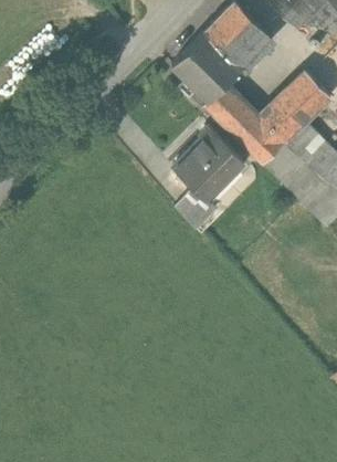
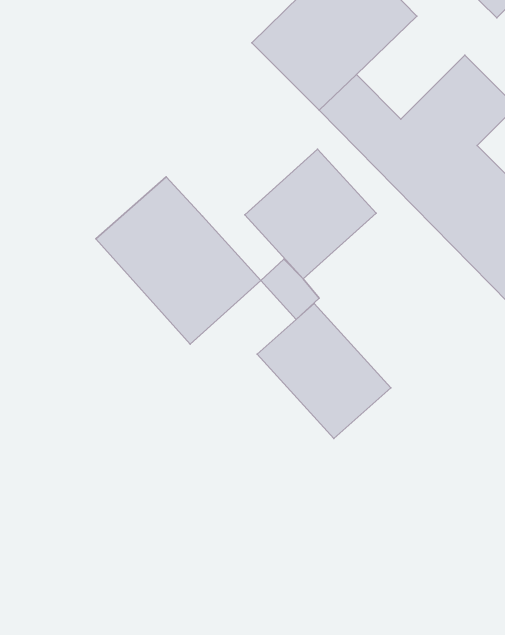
building: none -> [96,177,261,344]
building: none -> [257,303,391,439]

